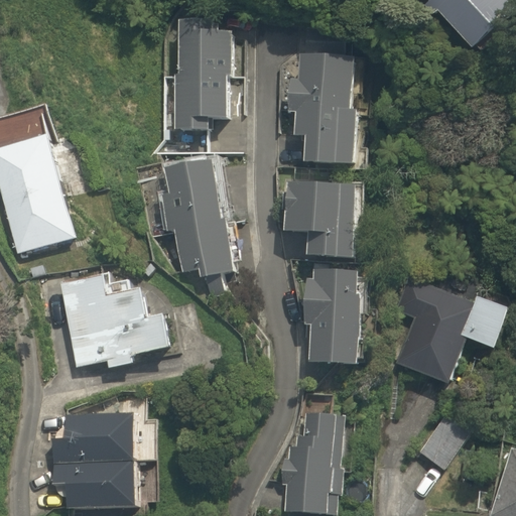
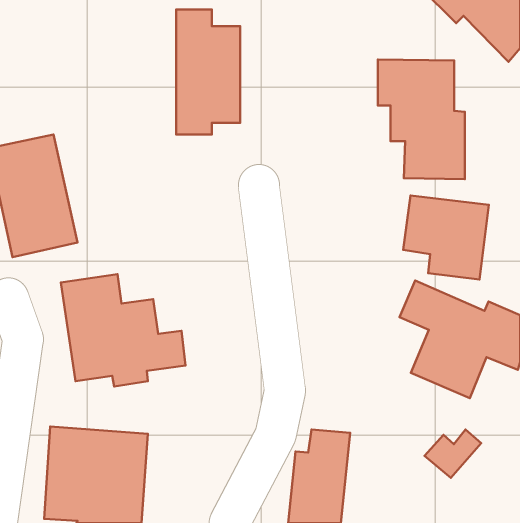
building: [282,57,366,172] -> [378,59,465,179]
building: [159,159,231,279] -> none
building: [284,181,367,262] -> [403,195,489,279]
building: [301,275,373,373] -> none

